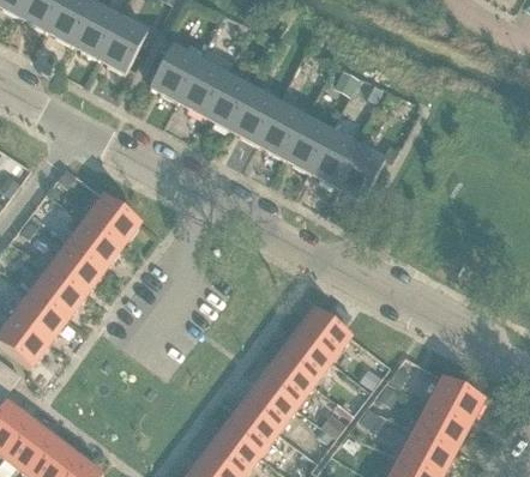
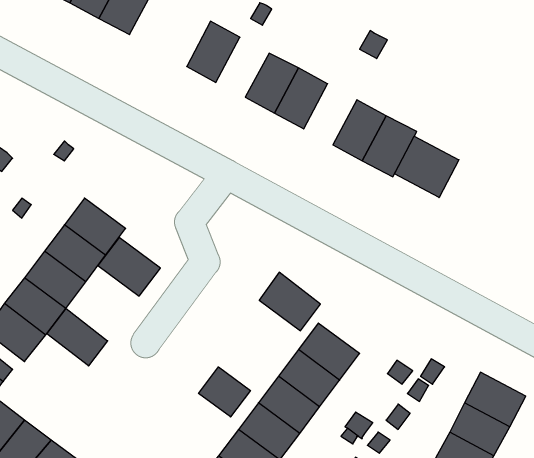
building: [149,44,198,99] -> none
building: [203,73,251,127] -> none
building: [282,115,330,170] -> none
building: none -> [394,136,459,198]
building: [84,193,140,246] -> [98,238,160,296]
building: [295,306,350,358] -> [259,272,320,331]
building: none -> [47,309,108,366]
building: none -> [199,367,250,417]

